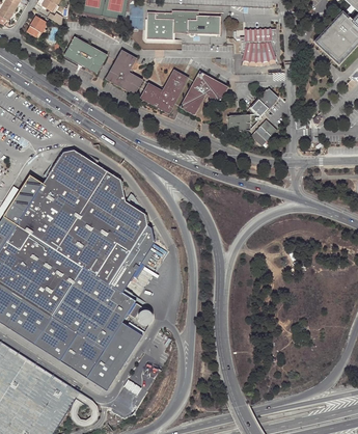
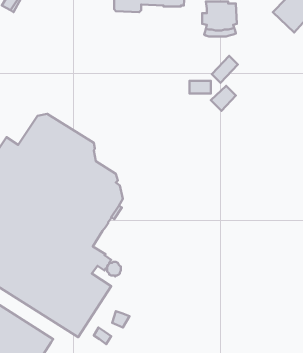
building: [63,36,106,74] -> none
building: [106,50,142,93] -> none
building: [140,70,188,113] -> none
building: [180,72,227,115] -> none

